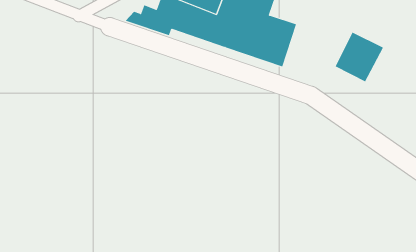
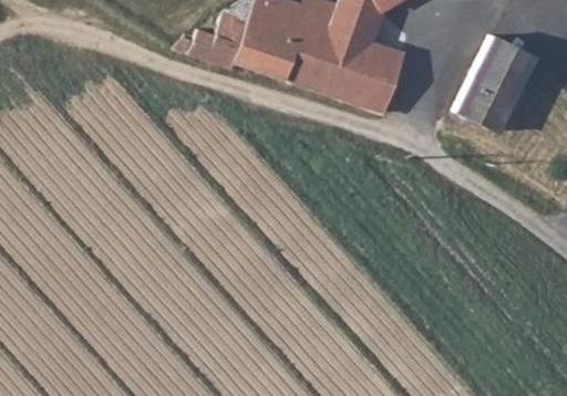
building: none -> [480,35,536,85]

